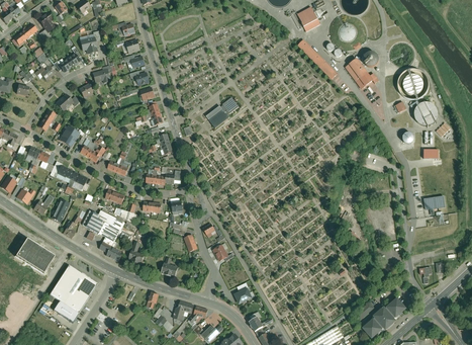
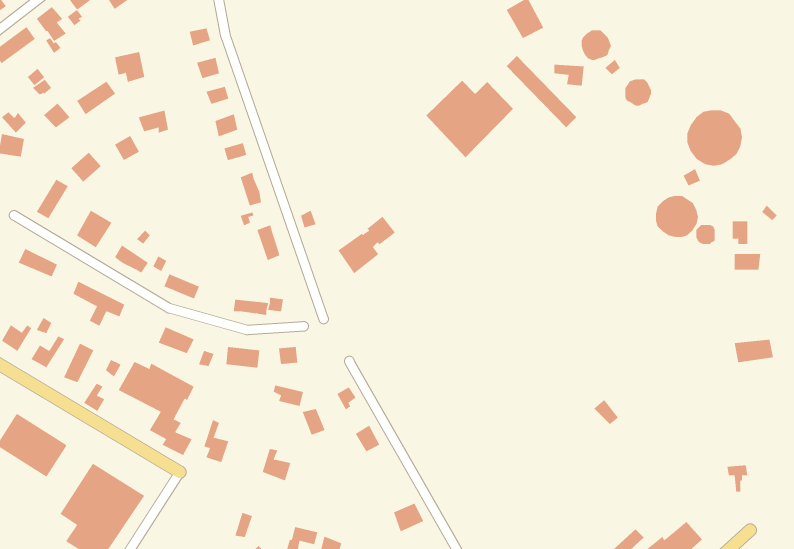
building: none -> [425,80,514,158]
building: [346,59,373,89] -> none
building: [206,97,239,130] -> [337,216,396,274]
building: [414,103,439,126] -> [655,195,699,237]

